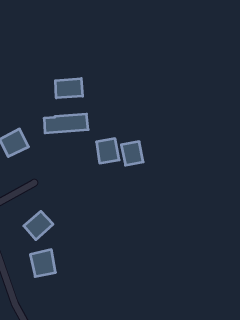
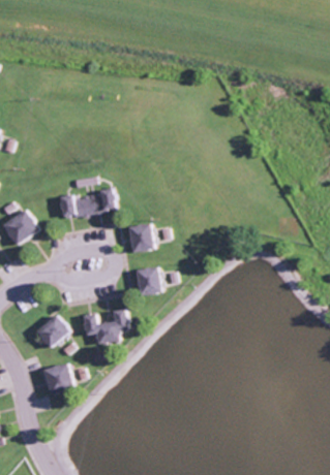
building: [55,78,83,98] -> none
building: [121,142,143,165] -> [134,266,162,296]
building: none -> [82,308,129,345]

